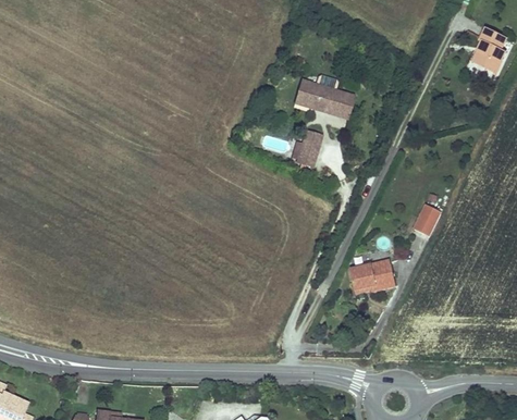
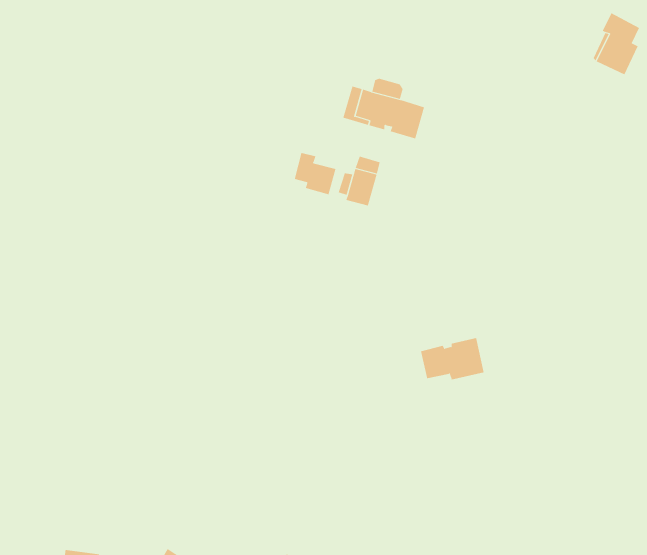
building: none -> [294,152,336,195]
building: [414,205,441,236] -> none

